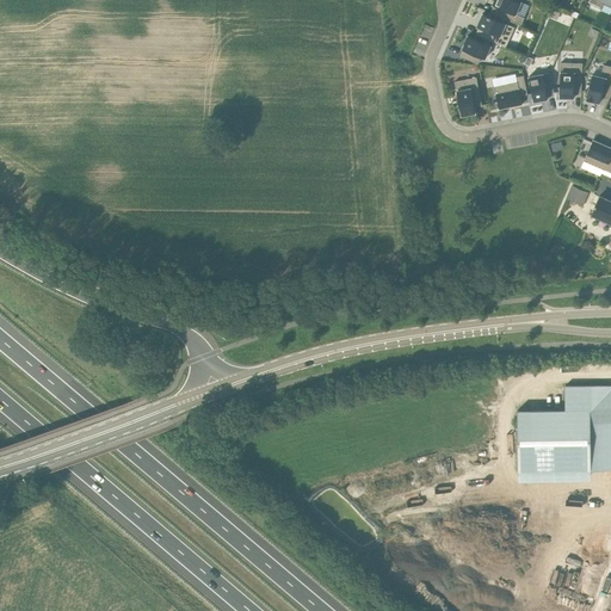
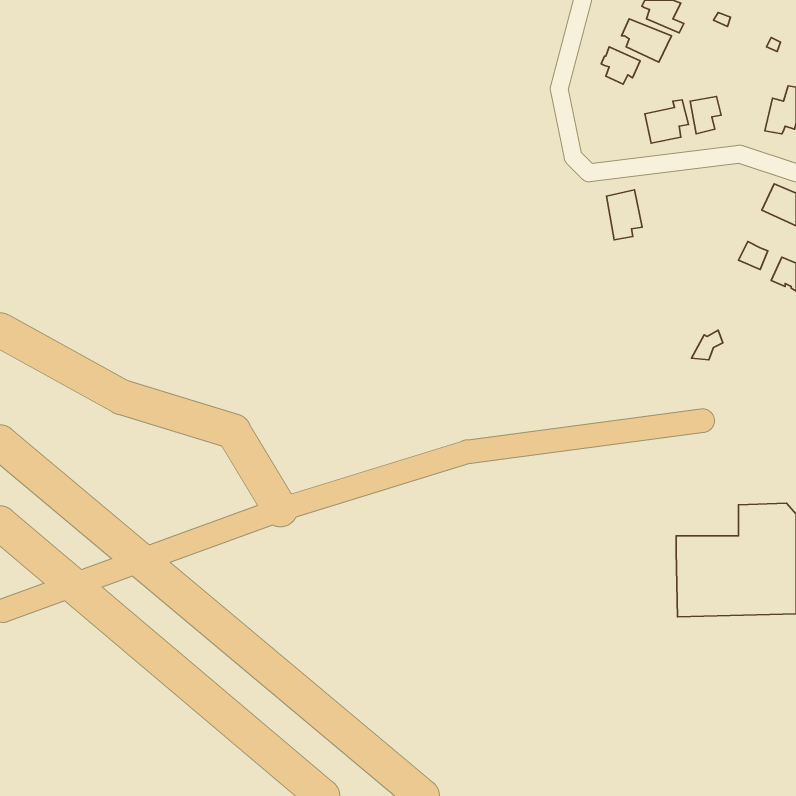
building: [560,63,582,98] -> none
building: [455,78,482,116] -> [606,190,642,240]

